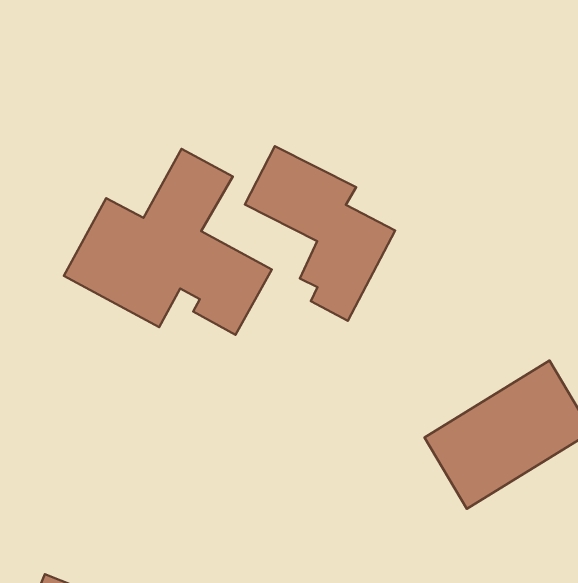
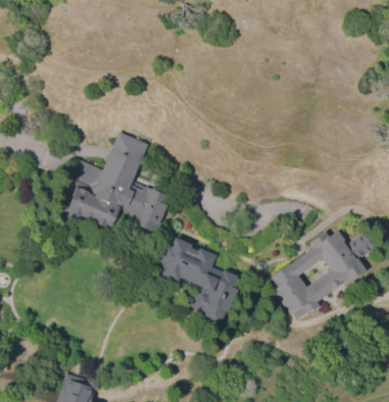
building: [245,146,395,321] -> [157,237,242,331]

